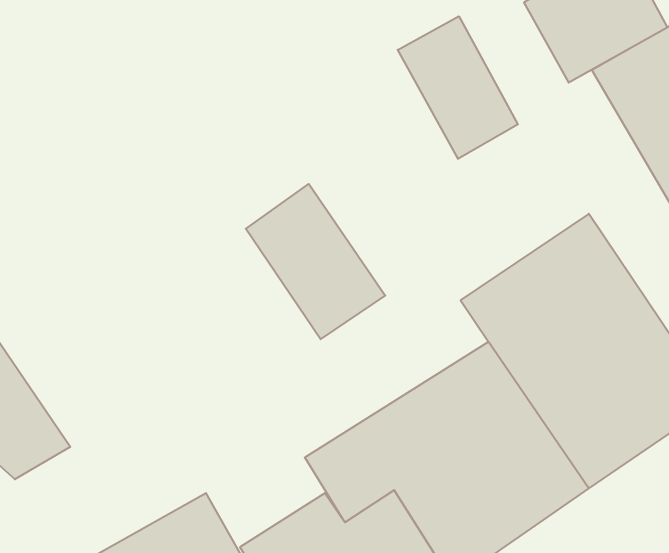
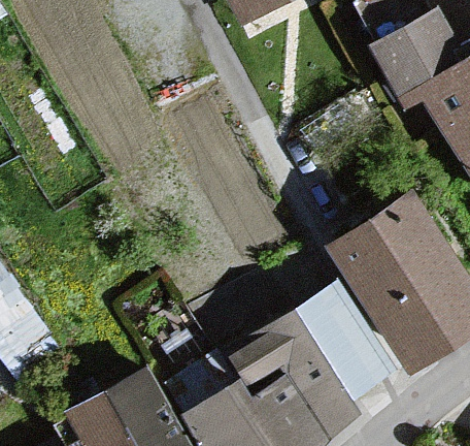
building: [398,16,518,159] -> none
building: [246,184,385,339] -> none

